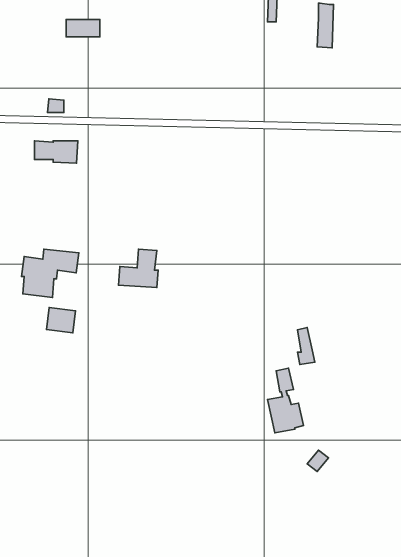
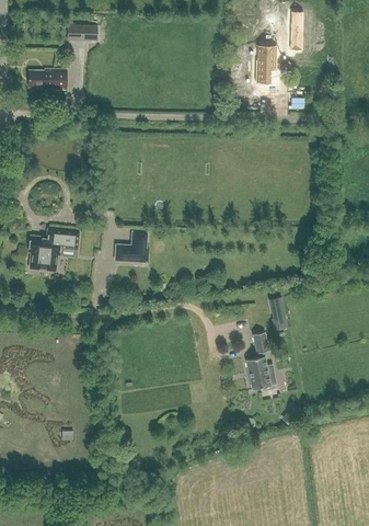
building: none -> [255,45,277,83]
building: [34,141,78,163] -> [28,70,67,90]
building: [47,308,76,333] -> none

